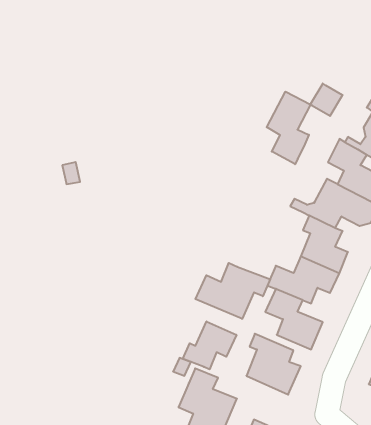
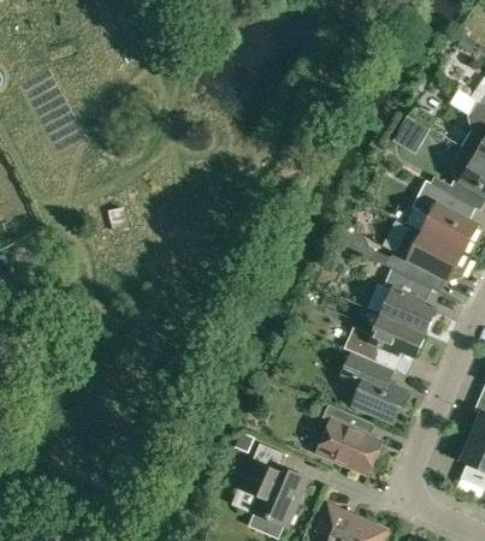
building: [267,92,310,164] -> none
building: [195,263,270,319] -> none
building: [183,321,236,369] -> none

